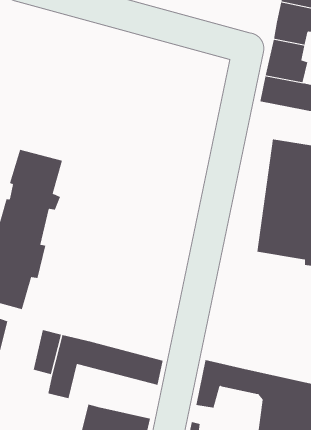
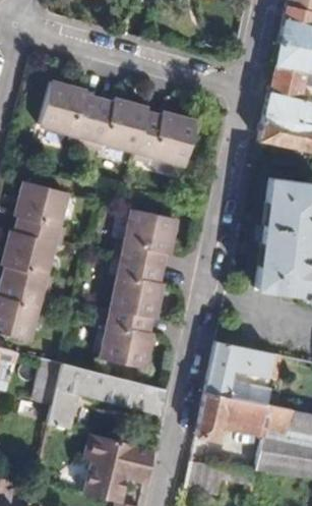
building: none -> [40,83,197,165]
building: none -> [100,212,176,371]
building: none -> [205,340,279,400]

